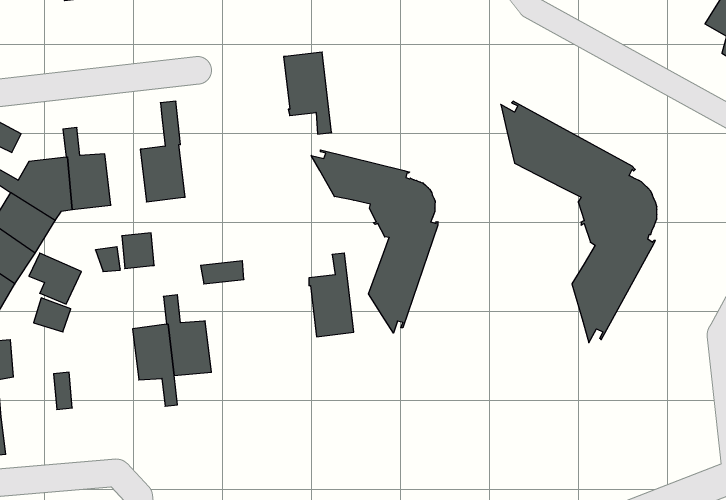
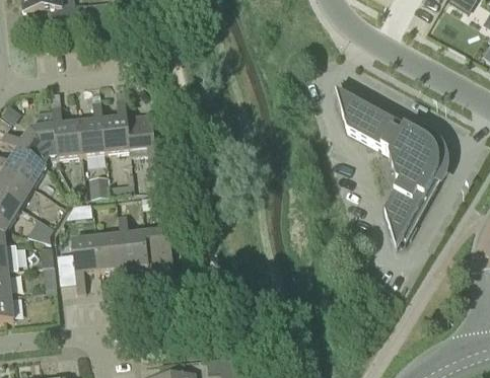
building: [284,52,332,134] -> [126,112,157,166]
building: none -> [77,99,104,155]
building: [311,150,438,333] -> none
building: [309,253,354,337] -> [142,210,171,264]
building: none -> [57,236,99,291]

